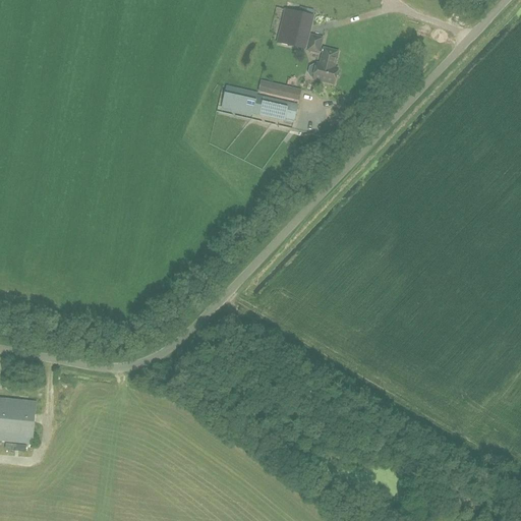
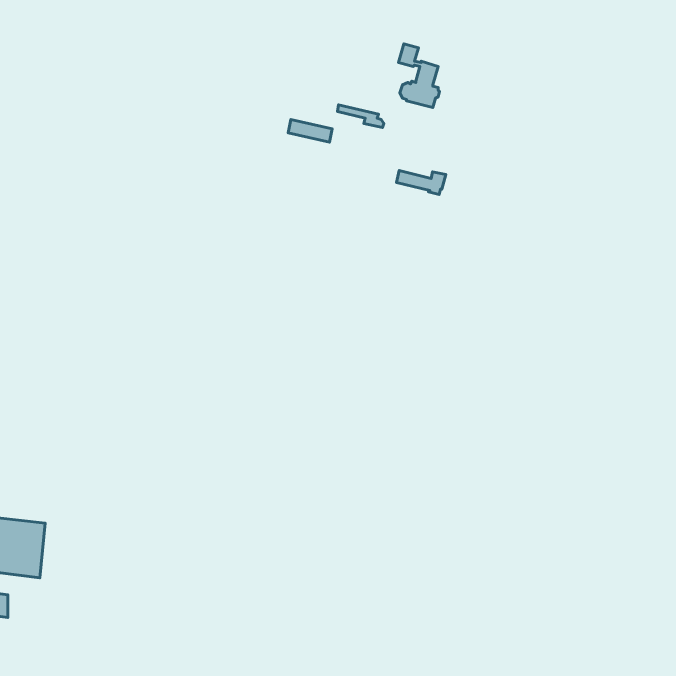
building: [281,8,310,40] -> none
building: [258,100,296,118] -> [397,171,446,195]

